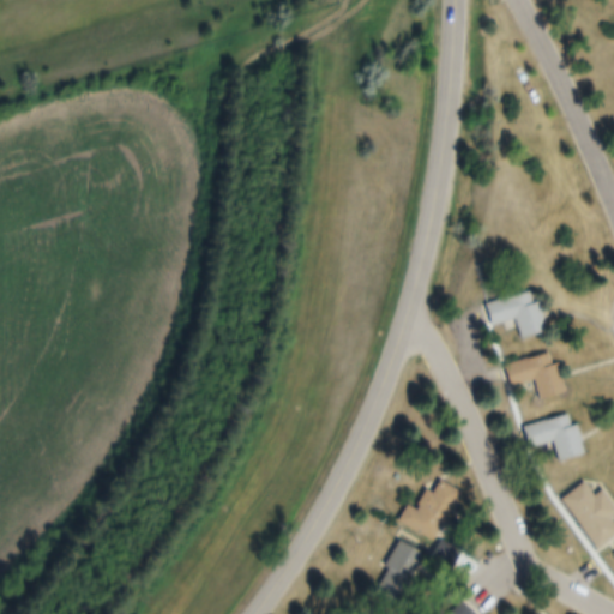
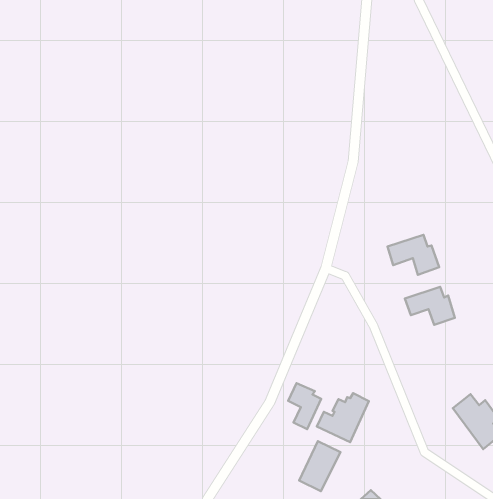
building: [522,414,586,462] -> none
building: none -> [288,383,321,429]

